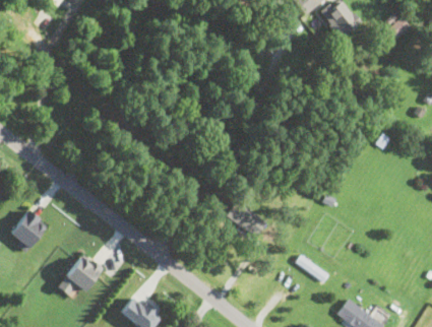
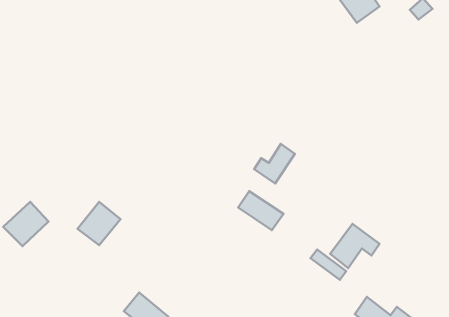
building: none -> [254,144,295,183]
building: none -> [330,224,380,268]
building: [63,253,104,293] -> [78,202,121,245]

